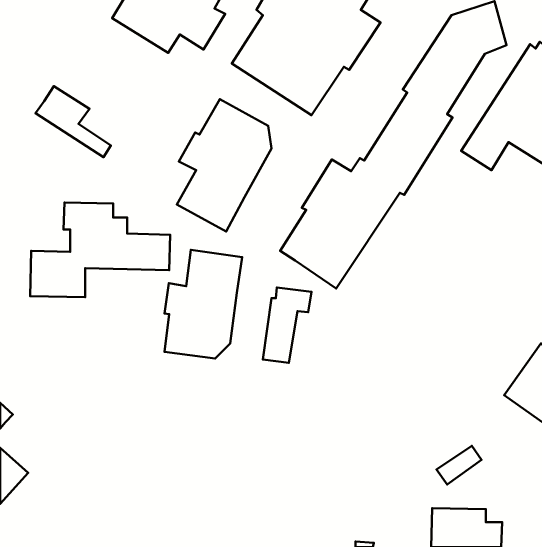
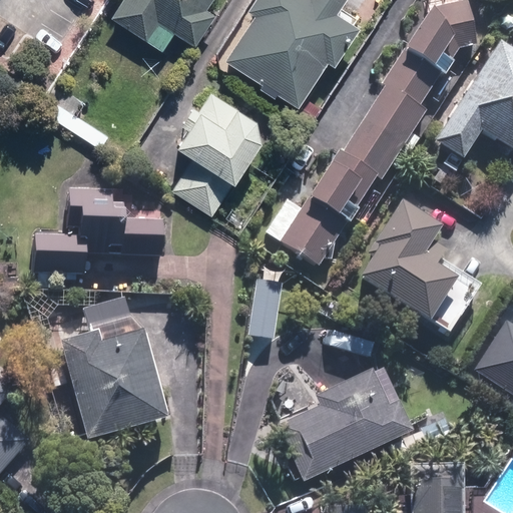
building: none -> [357,202,485,337]
building: [165,250,242,358] -> none
building: none -> [52,296,166,443]
building: none -> [279,366,412,482]

